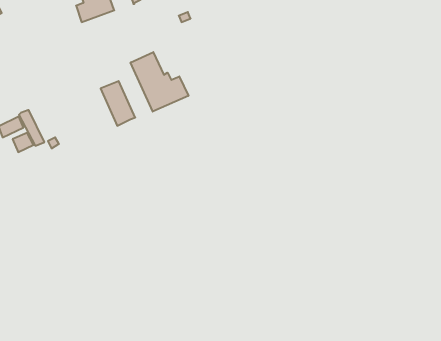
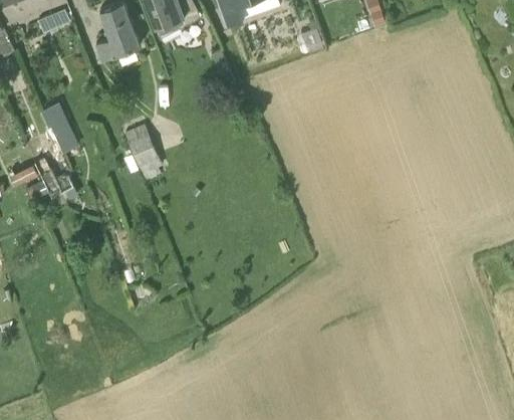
building: [131,52,188,112] -> none
building: none -> [40,102,78,153]

